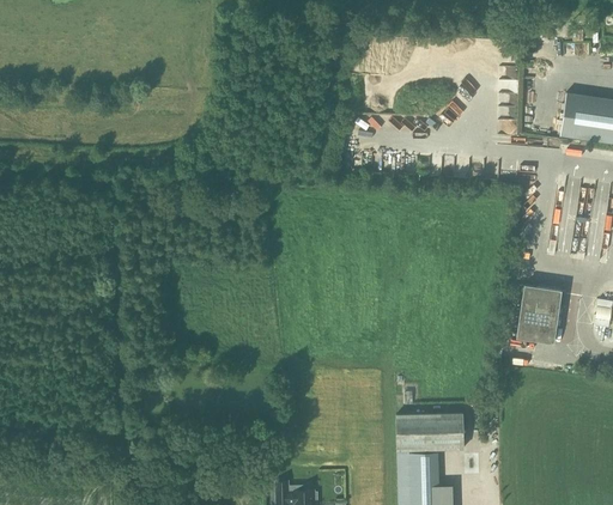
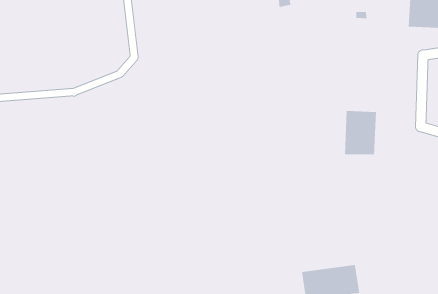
building: [516,285,562,343] -> [344,110,377,155]

